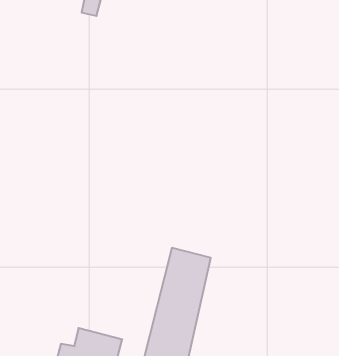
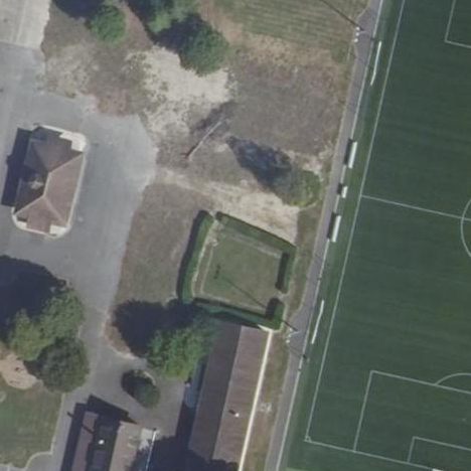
building: none -> [14,133,85,232]

